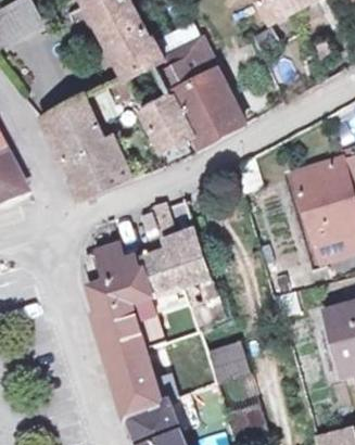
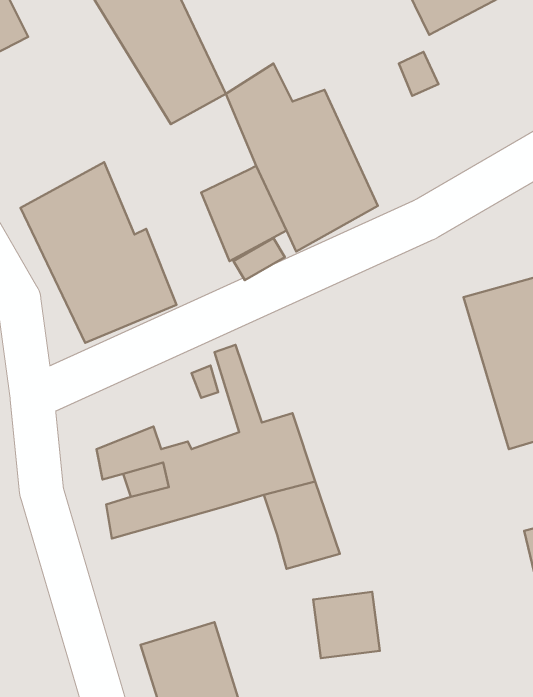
building: [91,291,163,370] -> none

